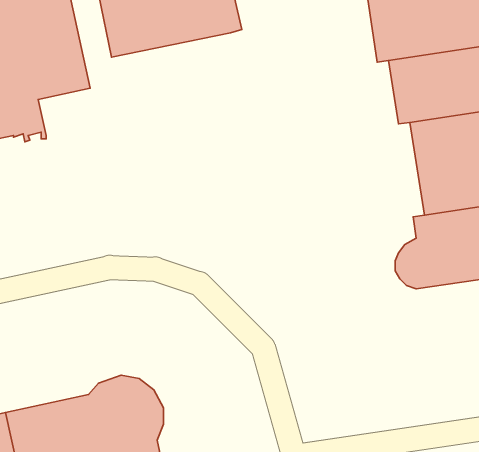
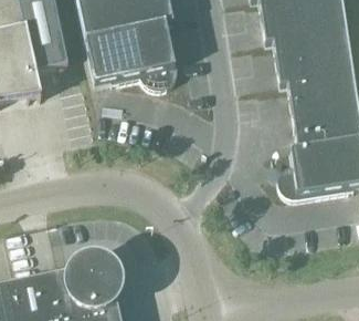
building: none -> [85,23,177,87]

